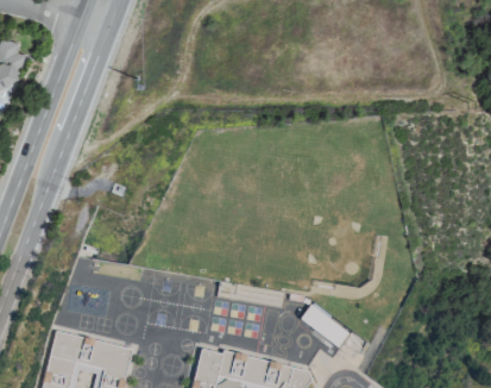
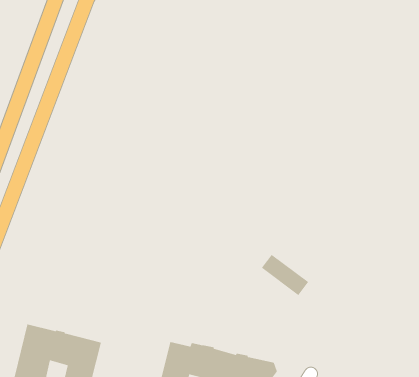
building: [301,305,350,348] -> [261,254,309,296]

